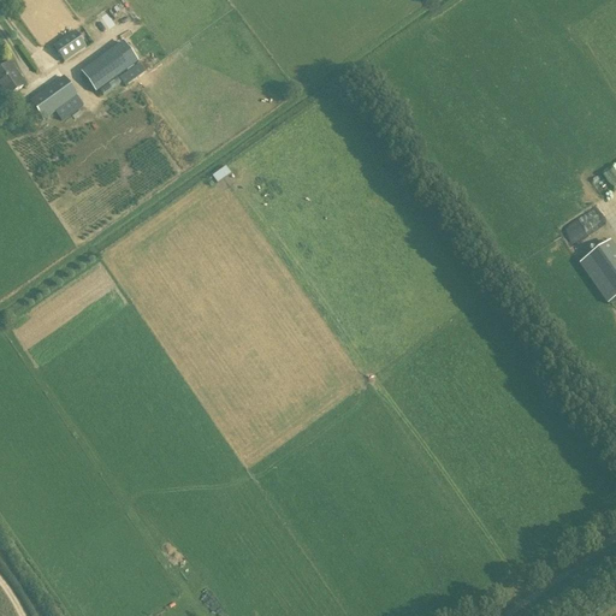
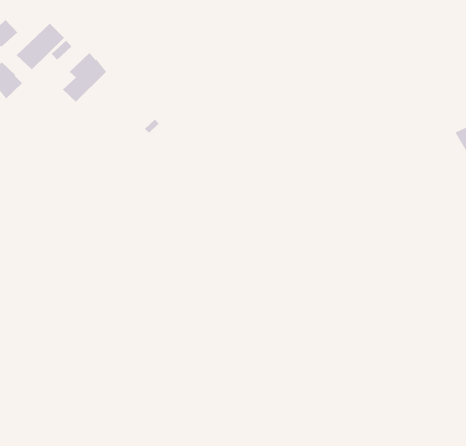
building: none -> [62,52,107,102]

